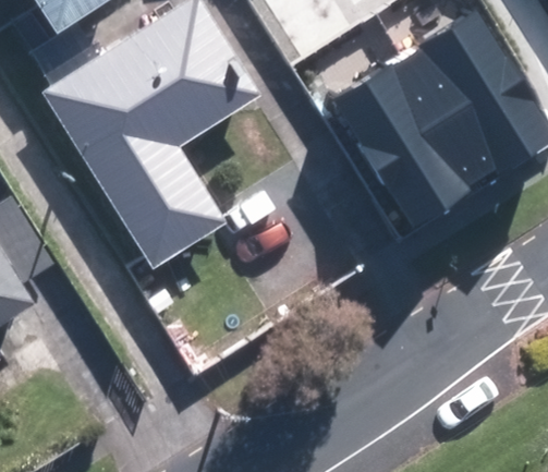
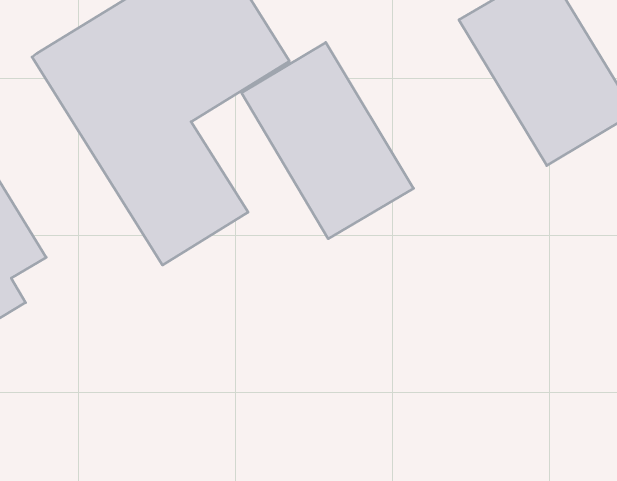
building: [331,60,476,226] -> [242,42,414,239]

